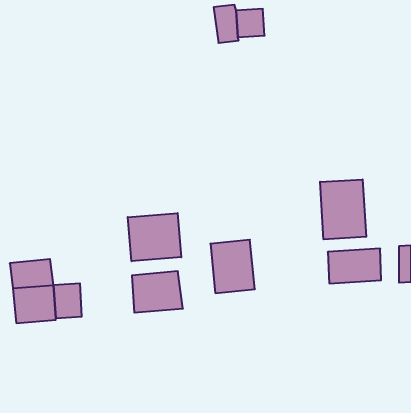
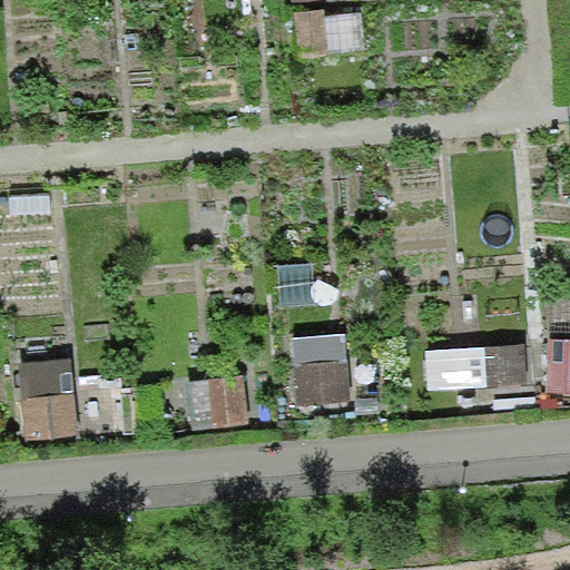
building: [320,179,366,239] -> none
building: [128,213,181,261] -> none

